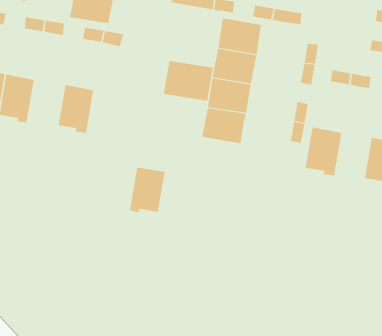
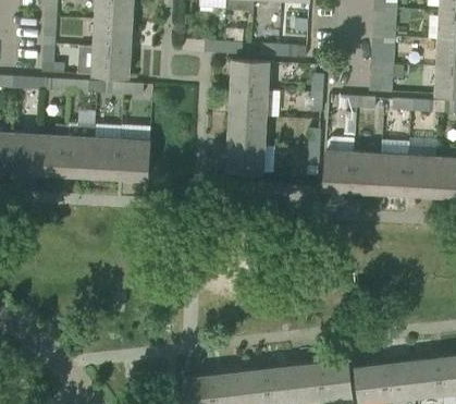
building: [163,60,214,101] -> none
building: none -> [64,123,95,177]
building: none -> [352,152,381,194]
building: [129,167,166,213] -> [120,139,149,181]

